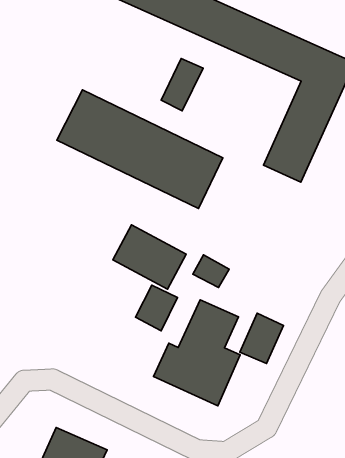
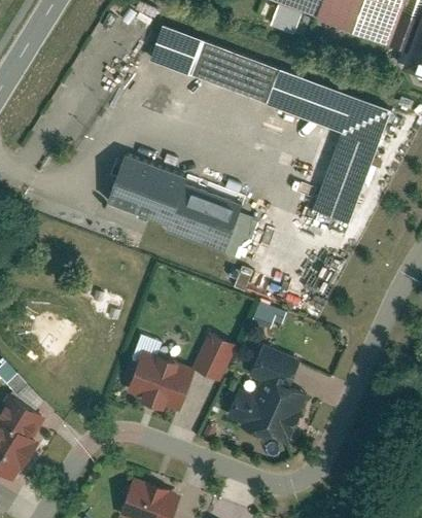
building: [161,58,203,111] -> none
building: [113,225,186,289] -> [122,358,191,416]
building: [240,313,283,363] -> none

